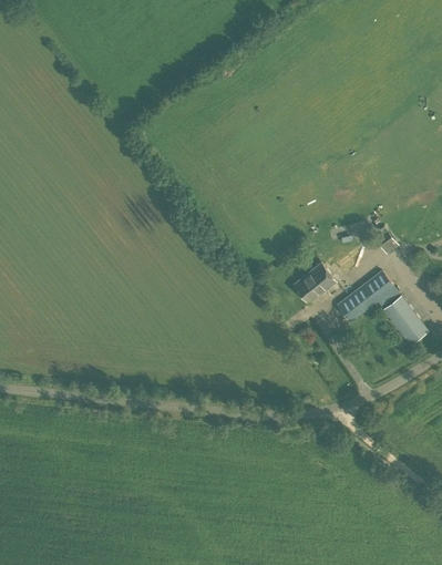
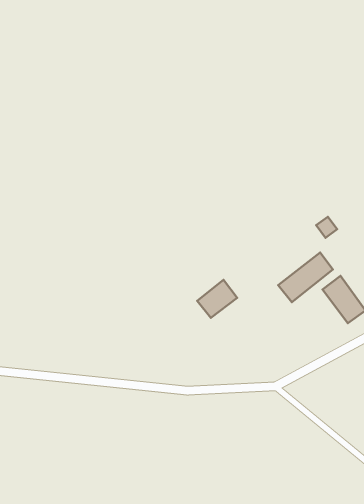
building: [294,264,336,304] -> [197,280,237,318]

